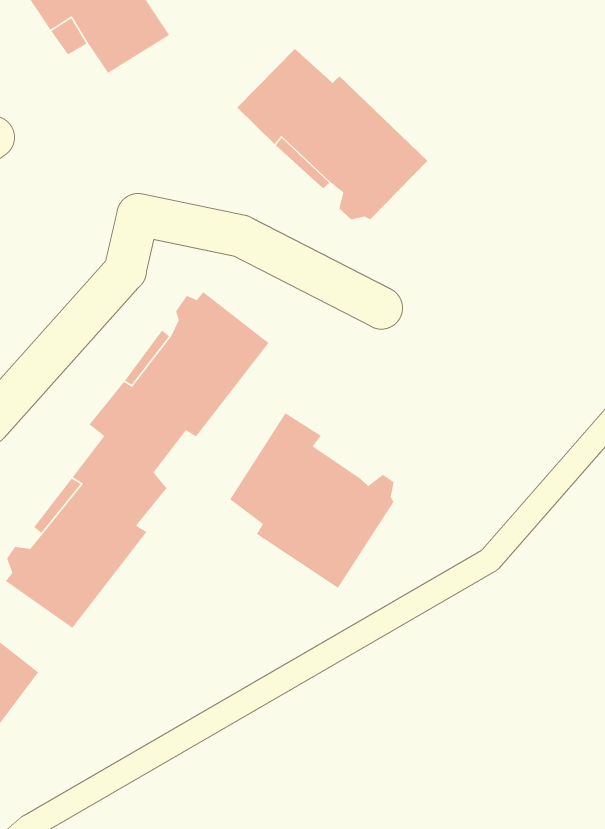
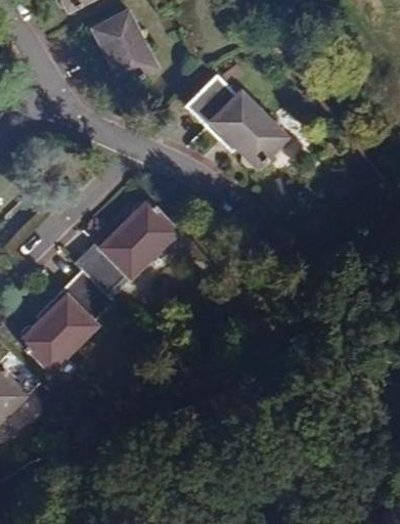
building: [229,412,395,589] -> none

